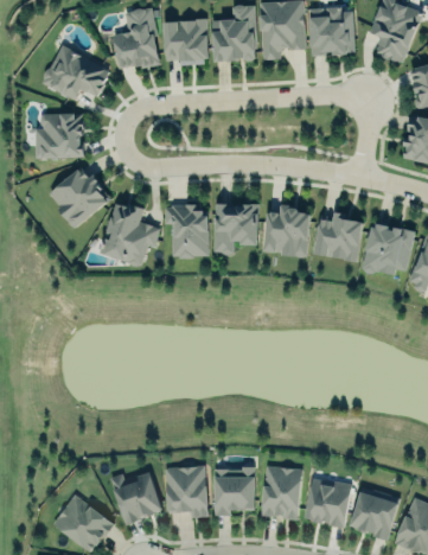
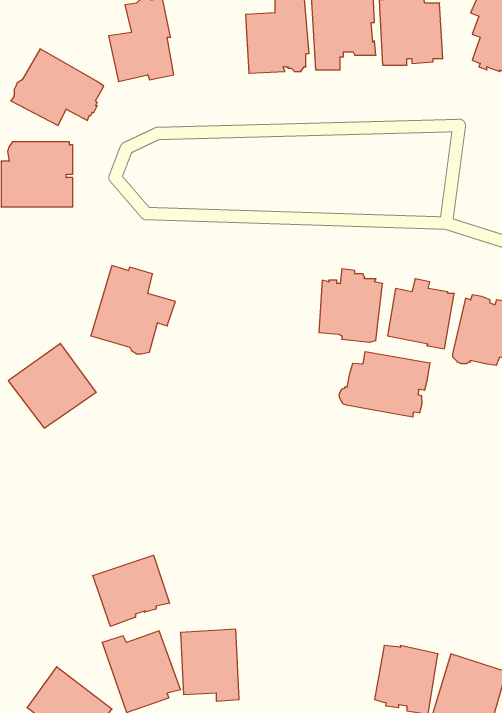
building: [164,20,209,65] -> none
building: [46,166,110,228] -> [8,343,96,428]
building: [215,204,258,254] -> none
building: [165,206,209,257] -> none
building: none -> [339,352,430,417]
building: none -> [93,555,169,626]
building: [262,465,305,522] -> none
building: [213,468,255,516] -> none

